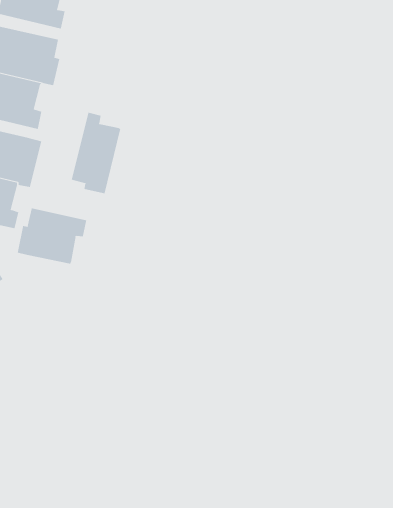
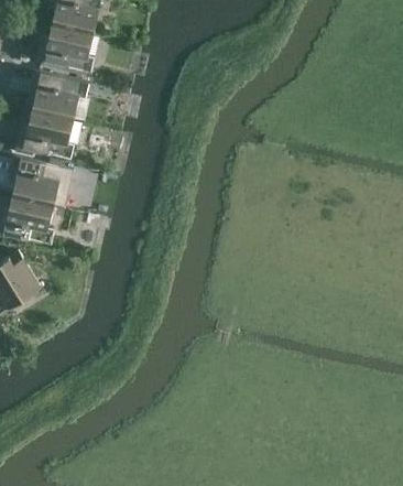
building: [71,112,121,194] -> none
building: [17,208,87,265] -> none

